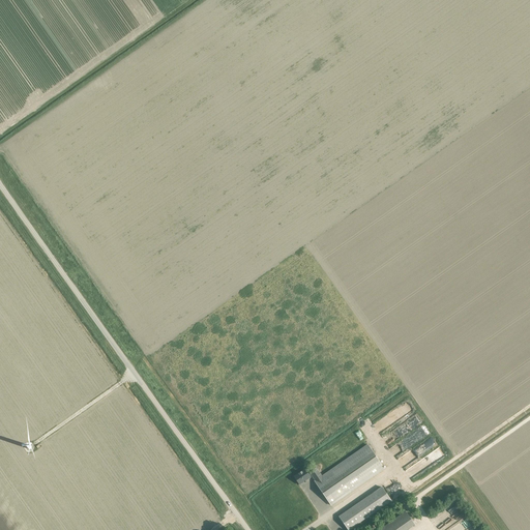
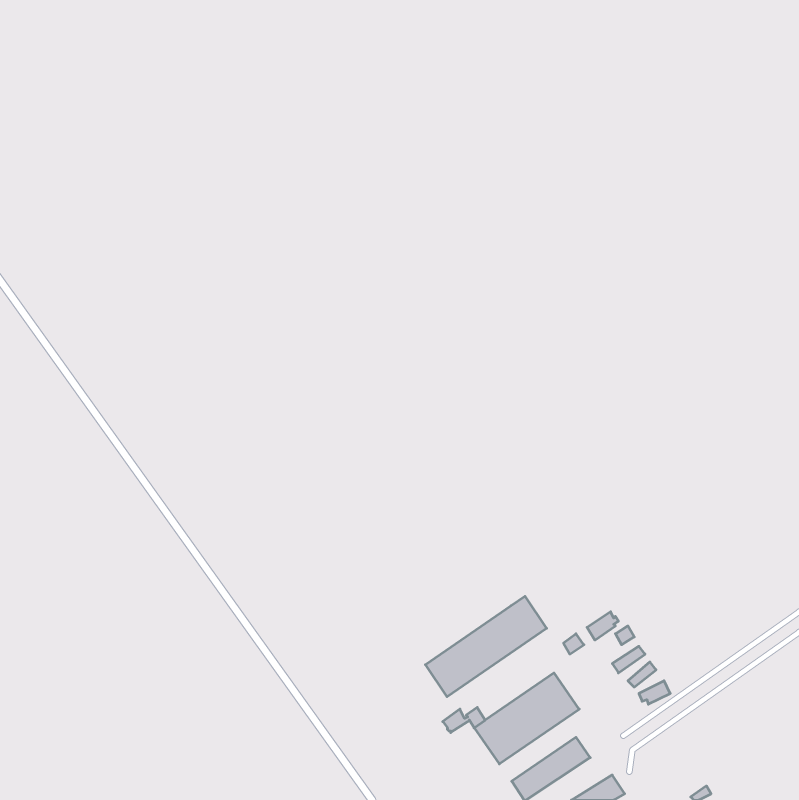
building: none -> [425,596,547,697]

